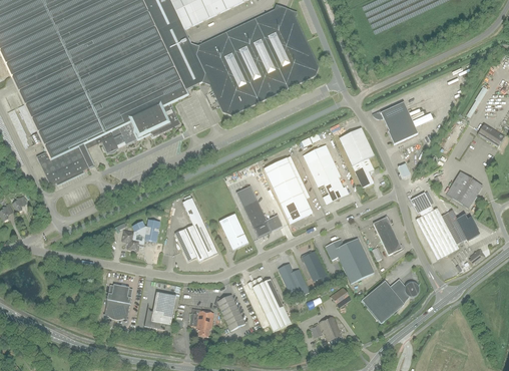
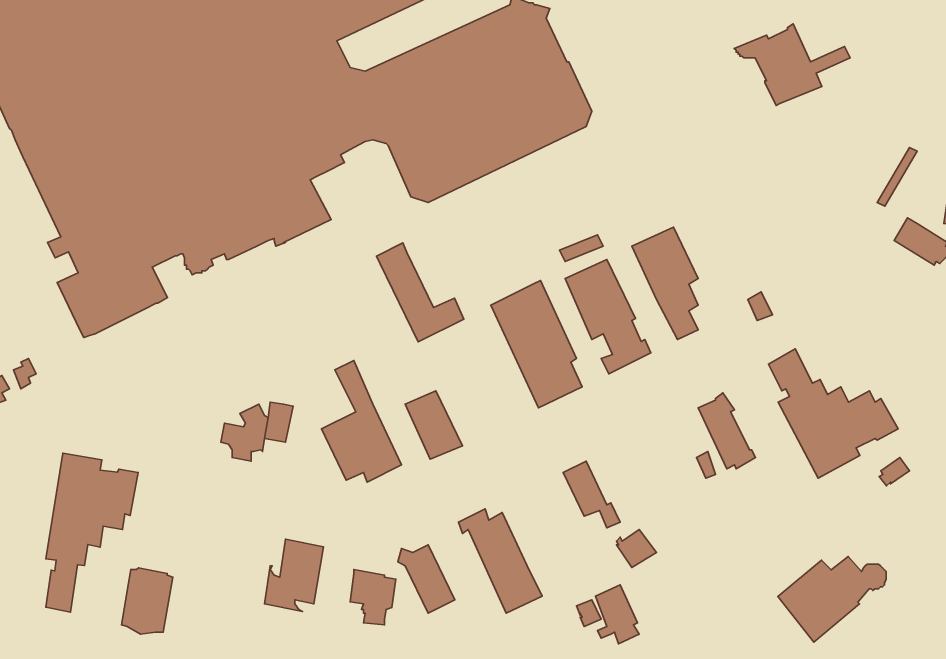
building: [372,99,433,142] -> [734,24,850,105]
building: [446,169,483,207] -> none
building: [236,184,283,237] -> [376,243,464,342]
building: [326,237,375,283] -> none
building: none -> [46,453,138,612]
building: [279,263,310,295] -> none
building: [362,278,419,323] -> [778,556,886,642]
building: [105,283,132,318] -> [121,568,173,634]

